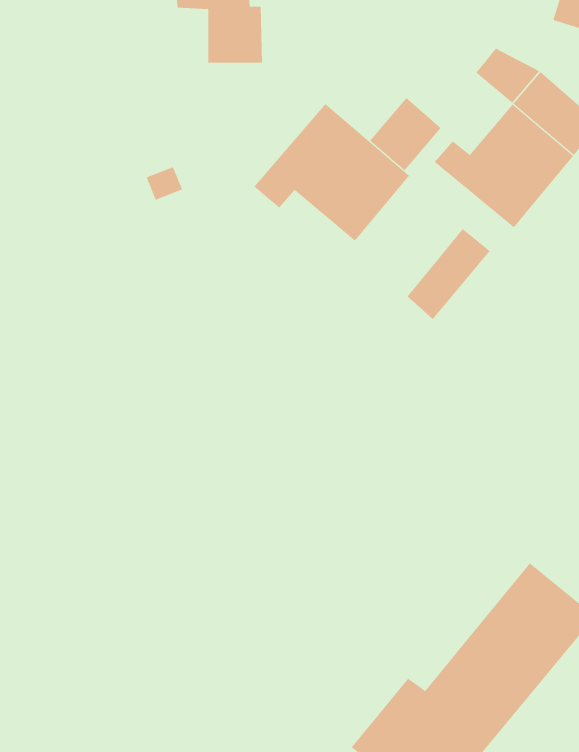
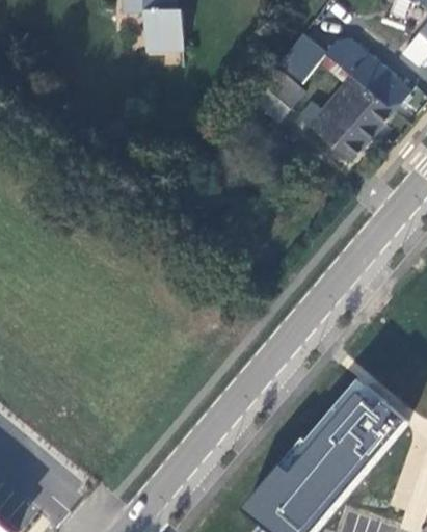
building: none -> [275,30,326,83]
building: [253,103,410,242] -> none
building: [407,228,490,320] -> none

